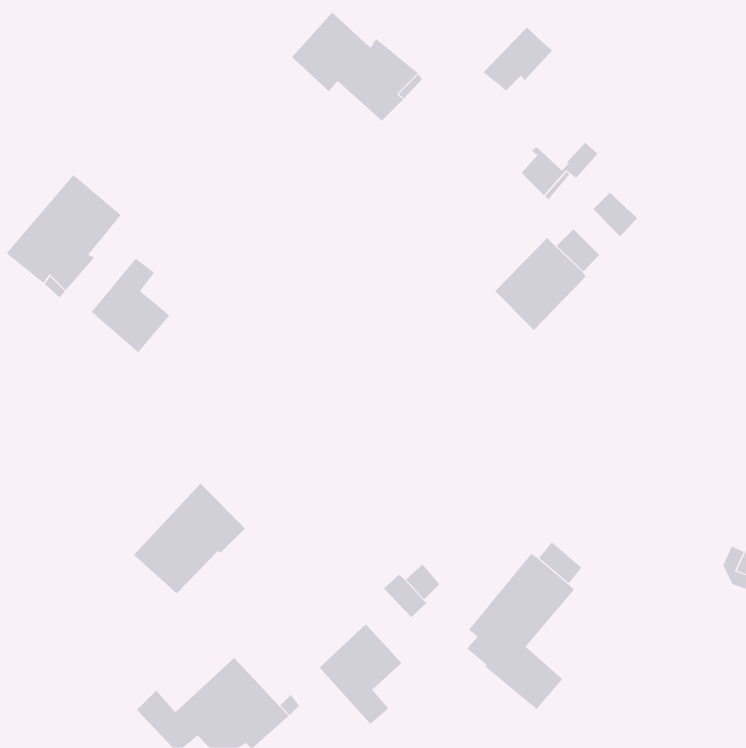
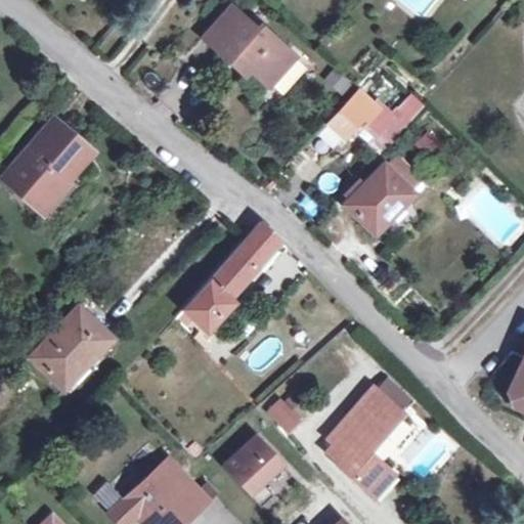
building: [483,27,553,91] -> [328,92,377,137]
building: [91,258,170,353] -> none
building: none -> [183,222,280,334]
building: [133,483,246,594] -> [32,308,111,386]

